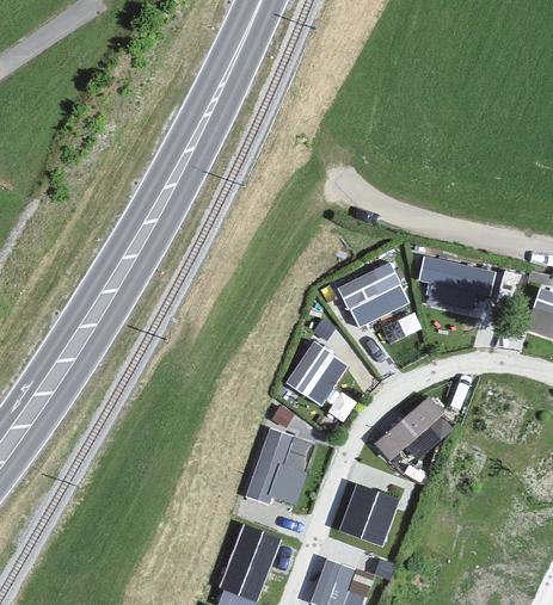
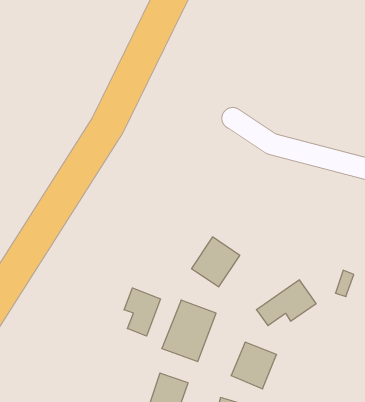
building: [422,257,496,307] -> none
building: [337,263,408,328] -> none
building: none -> [124,288,161,336]

